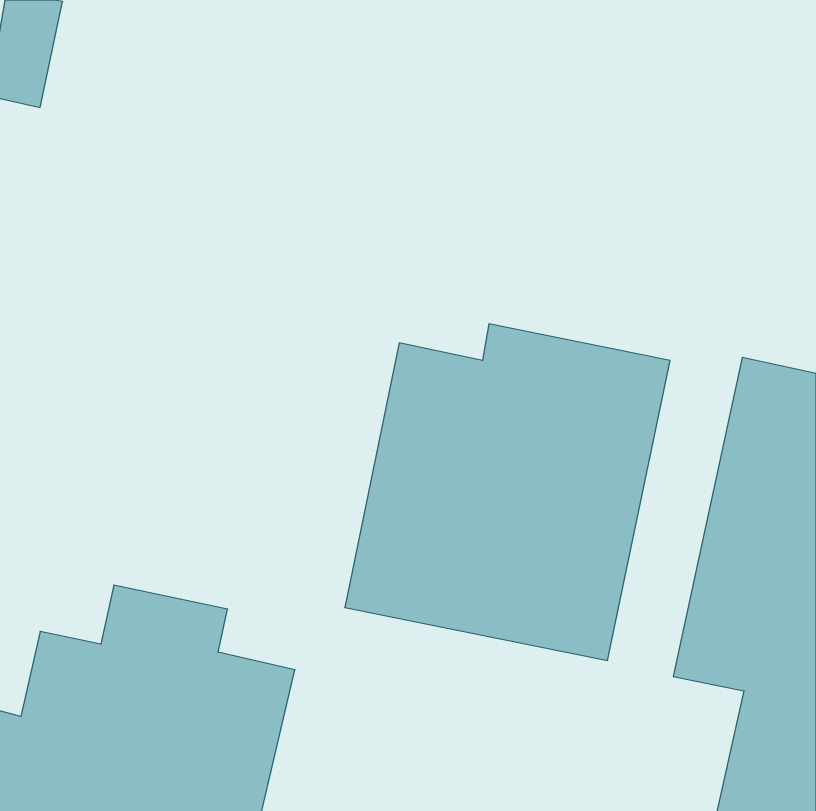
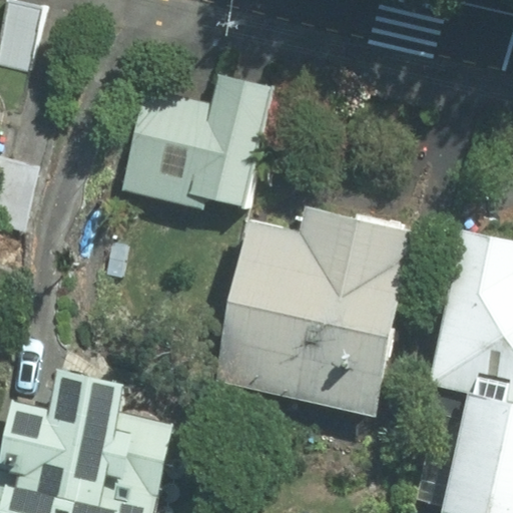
building: none -> [120,75,274,208]

